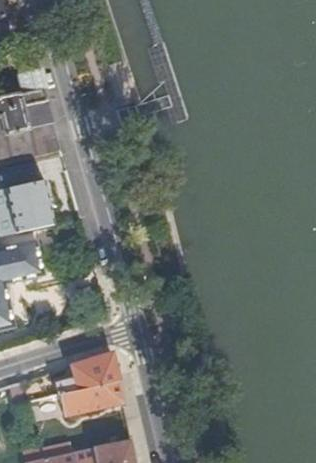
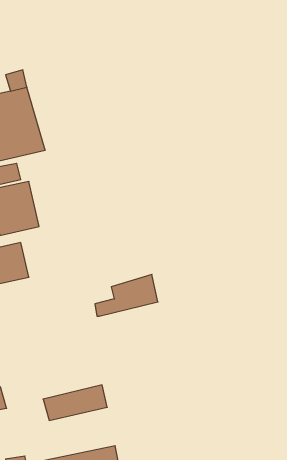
building: [54,352,116,393] -> [95,274,158,316]

